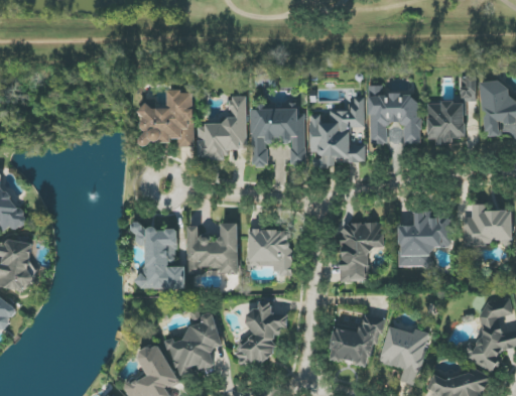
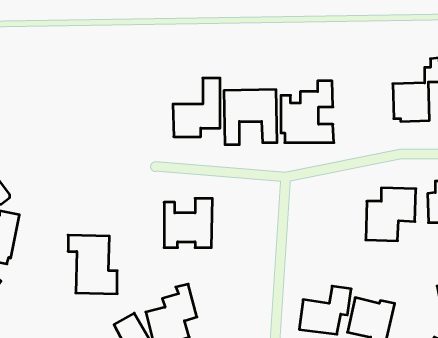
building: [140,90,194,146] -> none
building: [368,94,420,143] -> none
building: [339,223,384,280] -> none
building: [133,227,184,288] -> [68,235,117,294]
building: [248,229,290,273] -> none
building: [236,300,287,362] -> none

